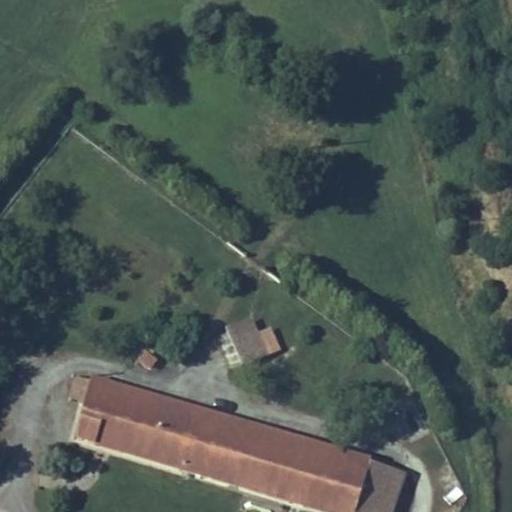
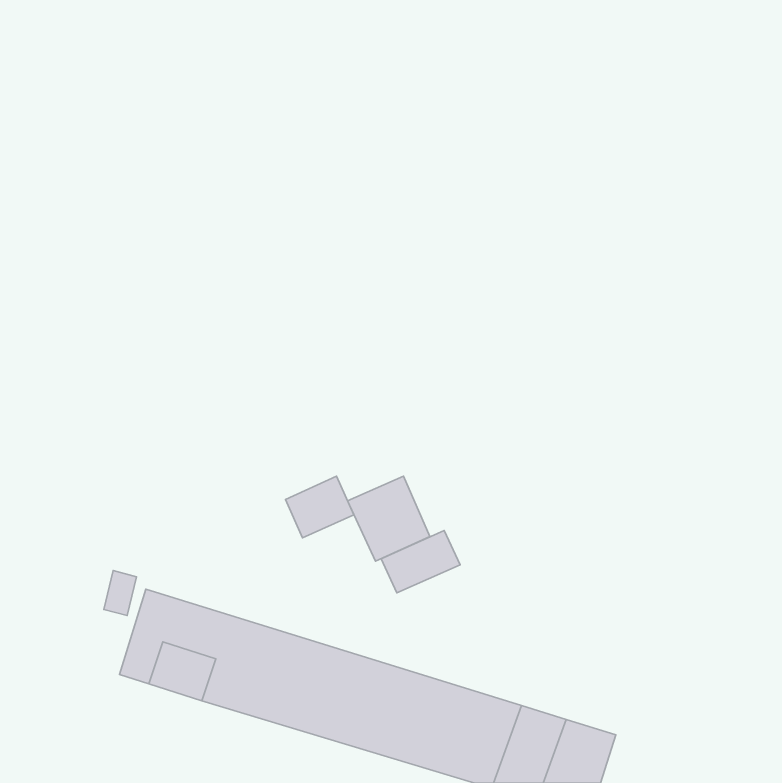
building: none -> [285,476,354,538]
building: none -> [381,531,460,593]

